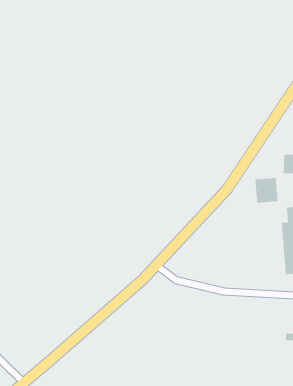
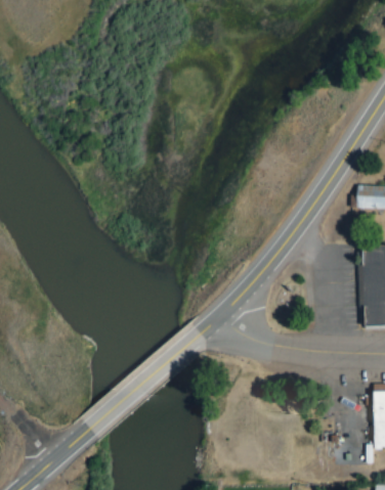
building: [255,177,278,204] -> none

